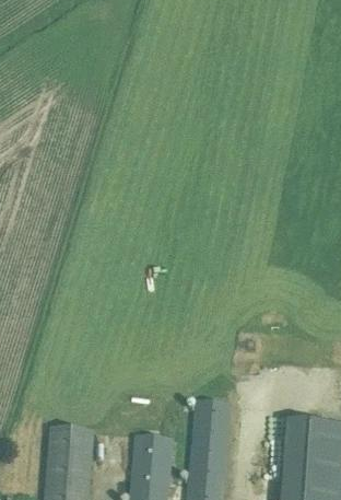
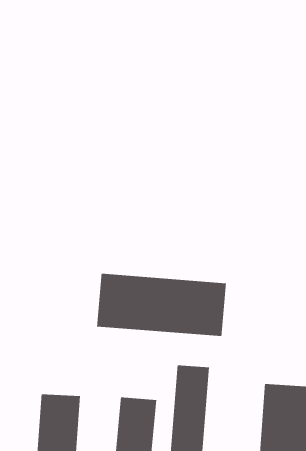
building: none -> [96,273,227,337]

